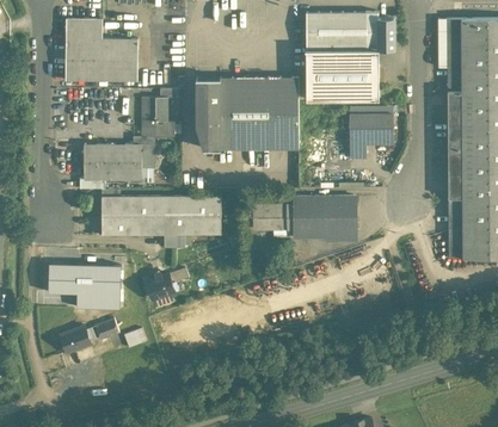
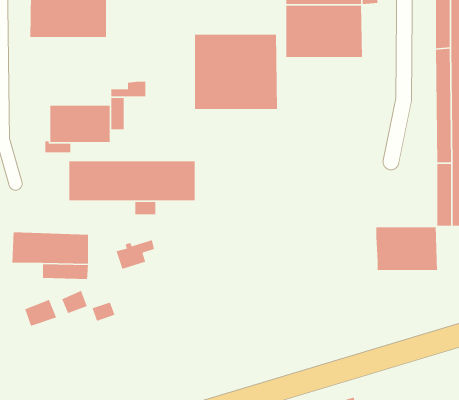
building: [196,78,220,148] -> none
building: [141,97,167,128] -> none
building: [349,113,393,157] -> none
building: [295,196,353,237] -> [376,227,438,271]
building: [253,205,288,229] -> none

